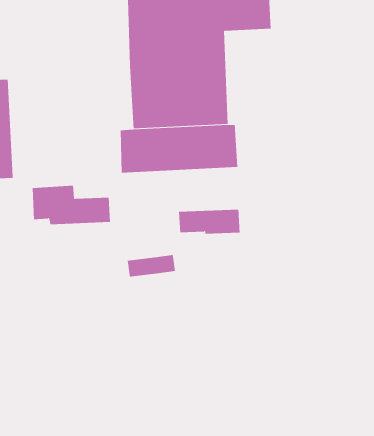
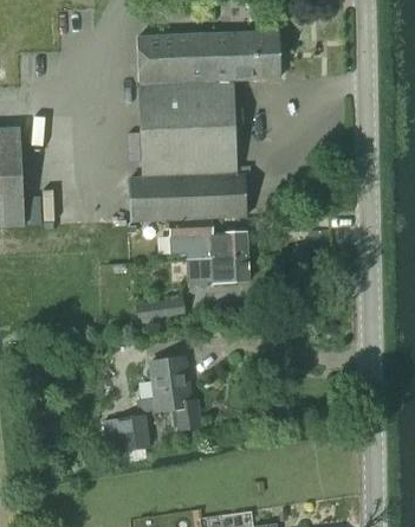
building: [32,185,111,225] -> [170,219,248,258]
building: none -> [104,358,199,461]

